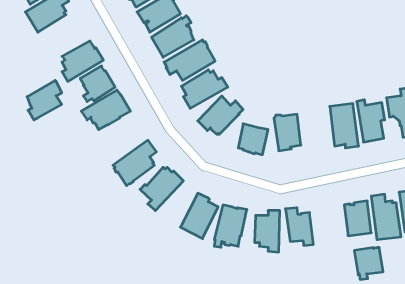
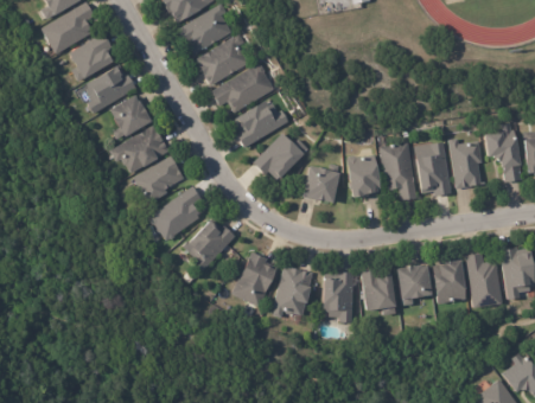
building: [27,80,62,120] -> [69,32,112,81]
building: none -> [380,142,416,200]
building: none -> [133,155,183,204]
building: [354,248,383,279] -> [396,267,432,306]

